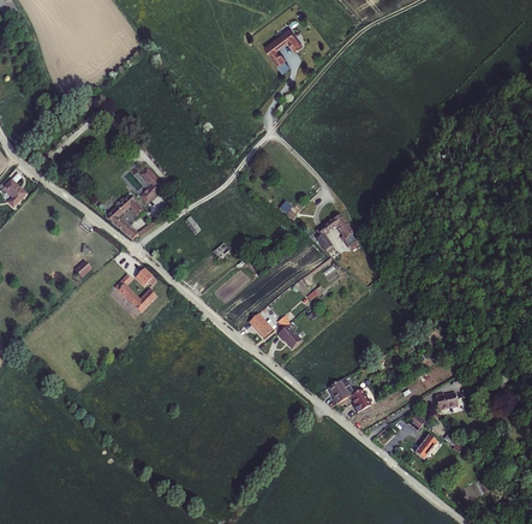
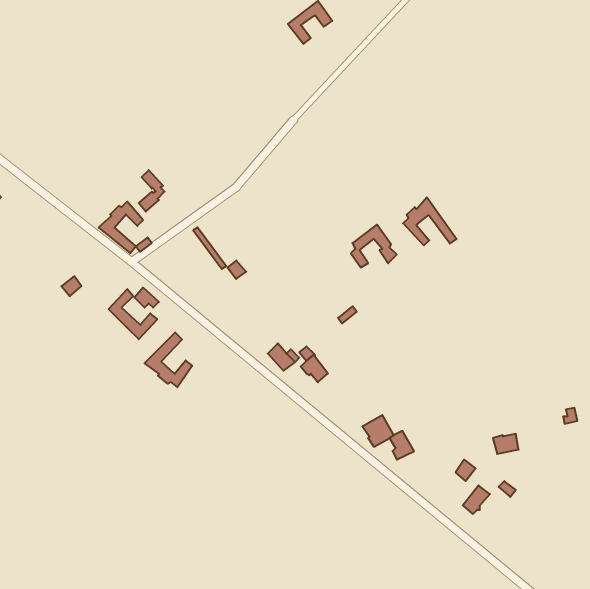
building: none -> [403,197,457,245]
building: none -> [145,332,192,387]

